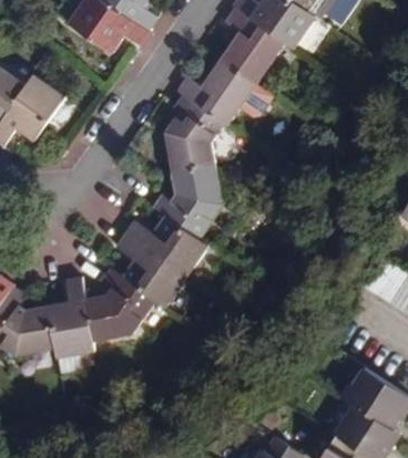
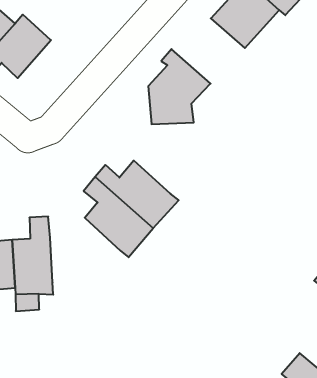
building: [182,55,277,123] -> none
building: [154,162,225,236] -> none
building: [88,261,160,339] -> none

